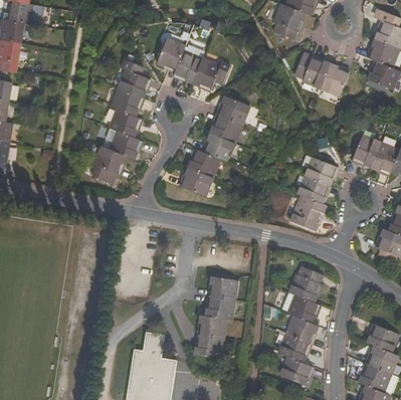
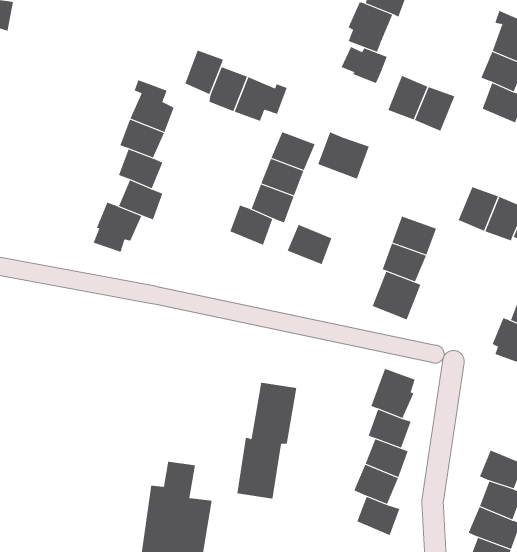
building: none -> [341,46,388,84]
building: none -> [317,131,370,179]
building: [181,168,213,197] -> [287,224,332,265]

